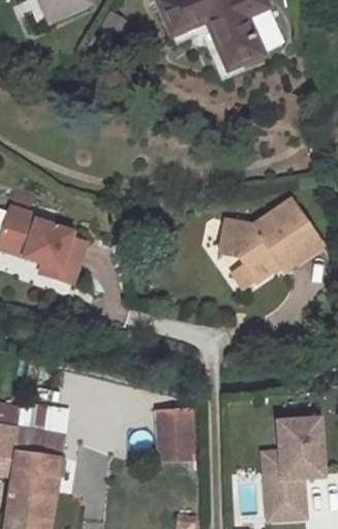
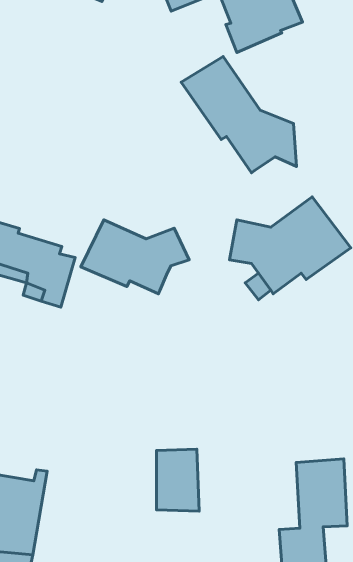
building: none -> [181,56,297,173]
building: none -> [81,220,189,294]

